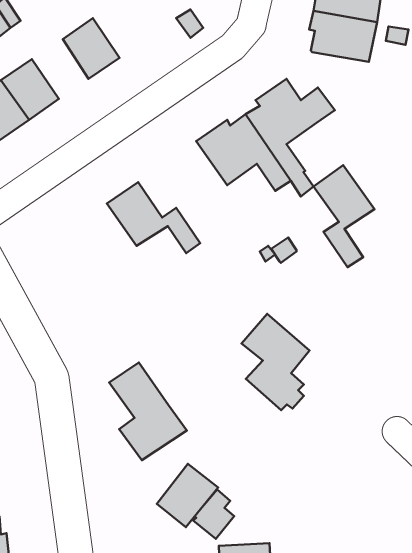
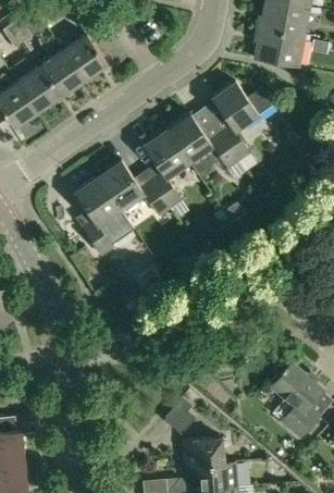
building: none -> [40,50,84,96]
building: [314,165,374,267] -> [144,128,190,207]
building: [242,314,310,410] -> [271,362,323,436]
building: [109,363,187,460] -> [75,176,135,251]
building: [157,464,218,527] -> none

